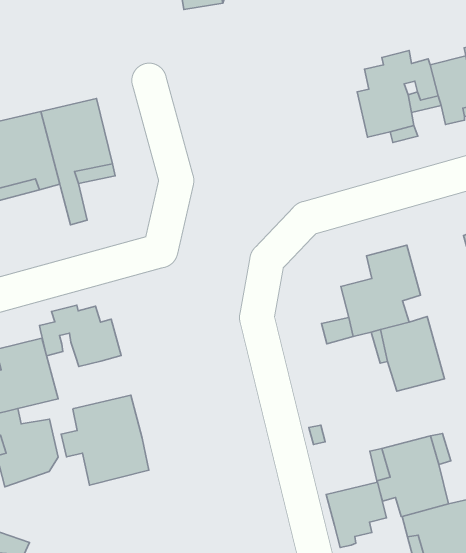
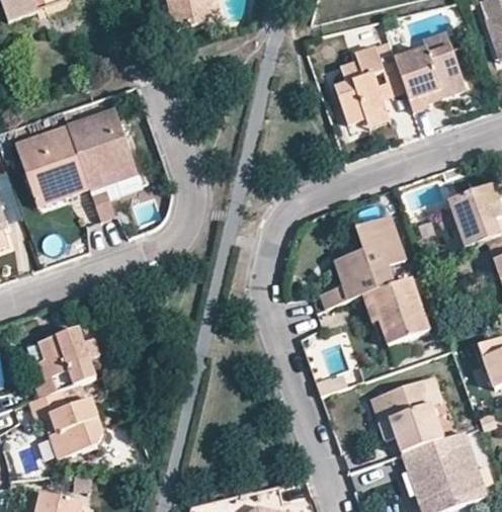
building: [39,305,121,366] -> none
building: [61,395,149,485] -> none
building: [326,482,387,548] -> none

